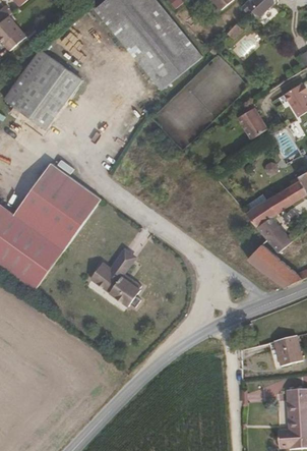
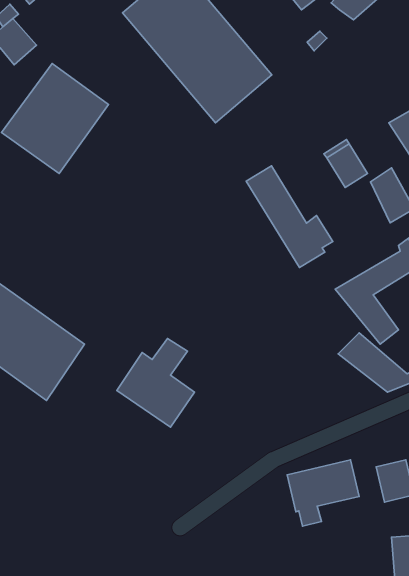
building: none -> [246,166,333,267]
building: [13,163,100,250] -> none
building: none -> [287,460,359,526]

